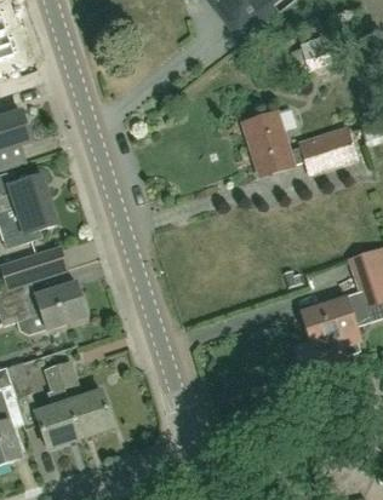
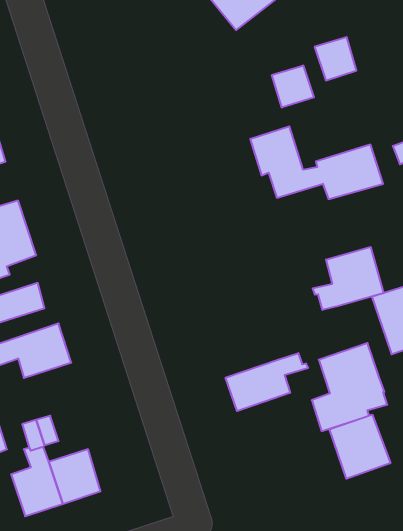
building: none -> [272,65,314,108]
building: none -> [313,247,384,310]
building: none -> [226,353,308,411]
building: none -> [329,415,390,479]

